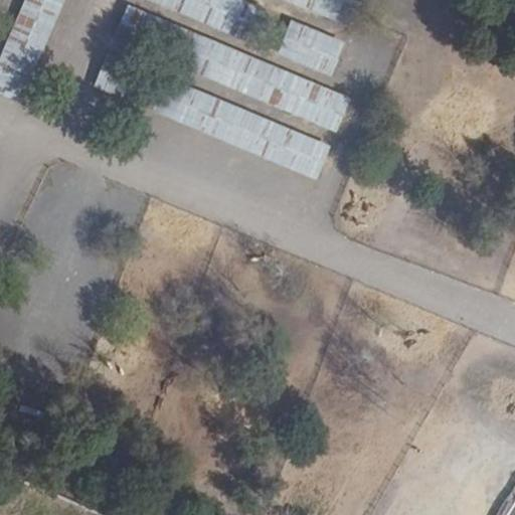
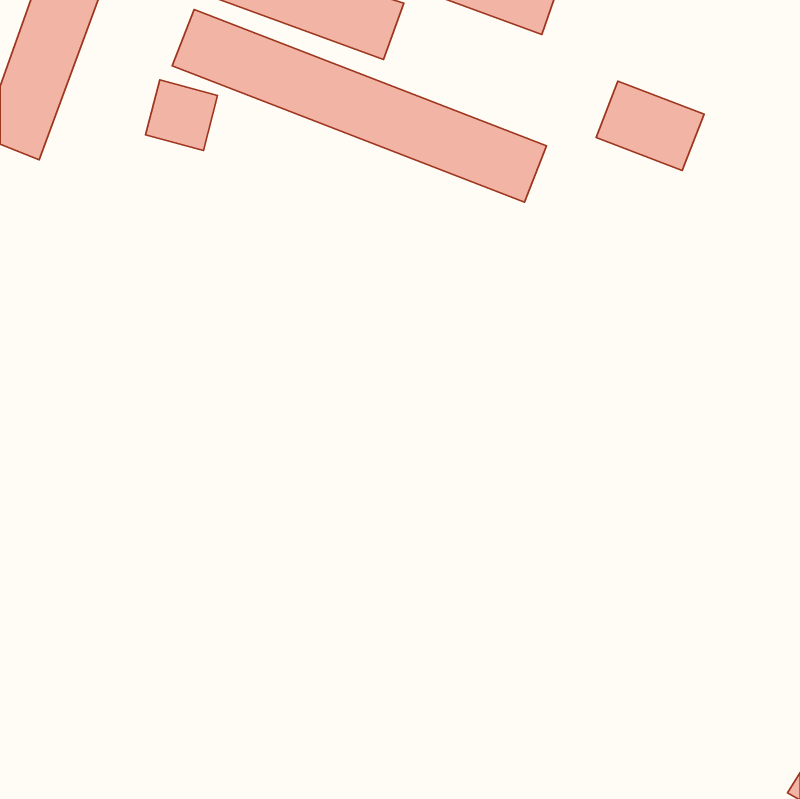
building: [275,18,344,75] -> [596,81,704,170]
building: [145,74,331,176] -> none

